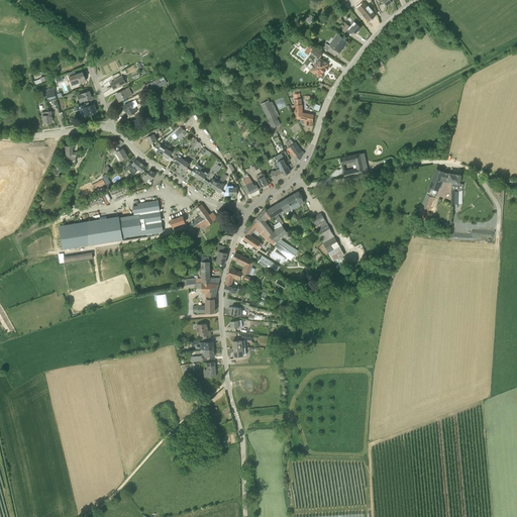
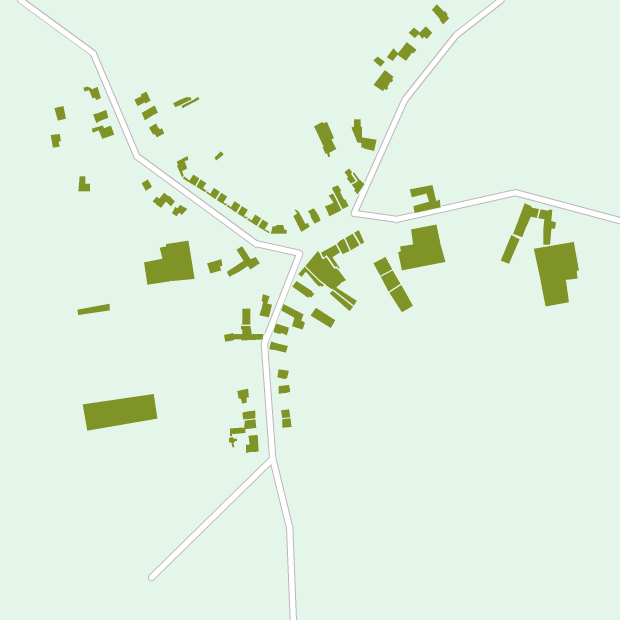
building: none -> [398,223,446,271]
building: none -> [533,241,580,308]
building: [59,218,122,249] -> [82,393,158,431]
building: [194,283,219,312] -> none

